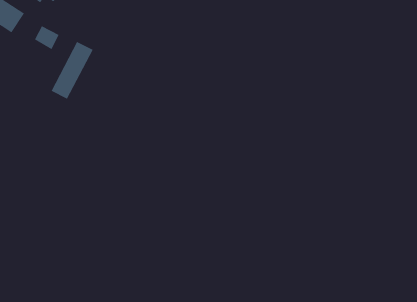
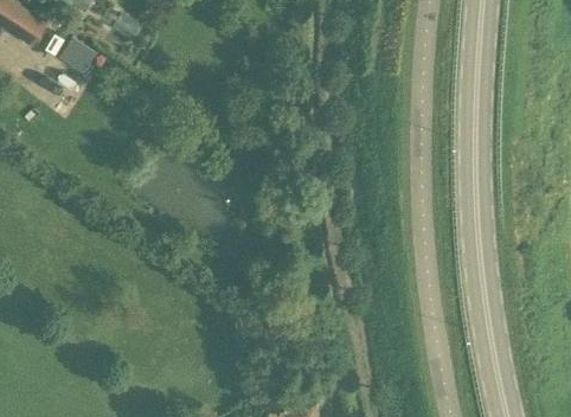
building: [51,41,94,99] -> none

